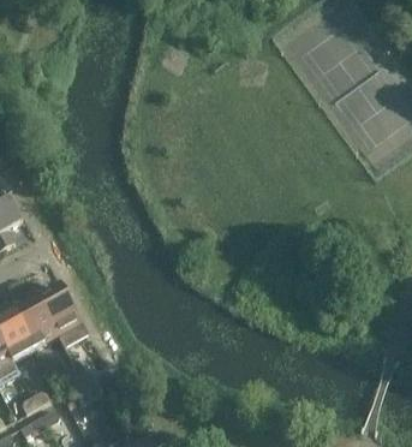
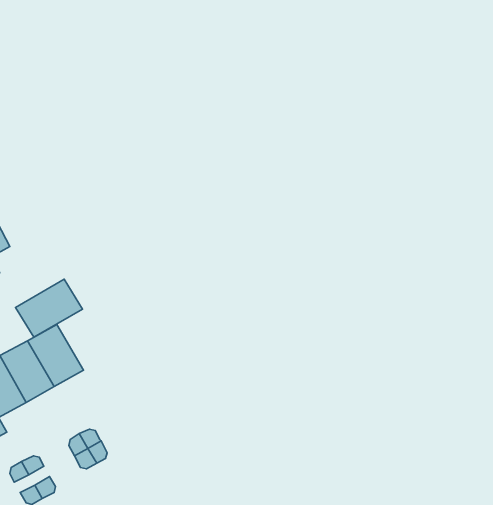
building: none -> [16,279,82,337]

